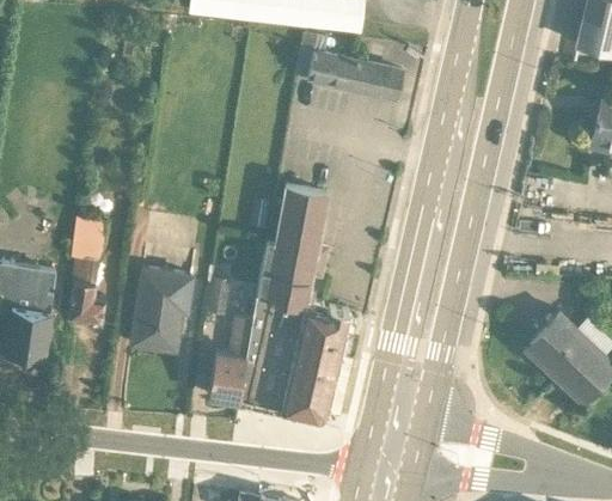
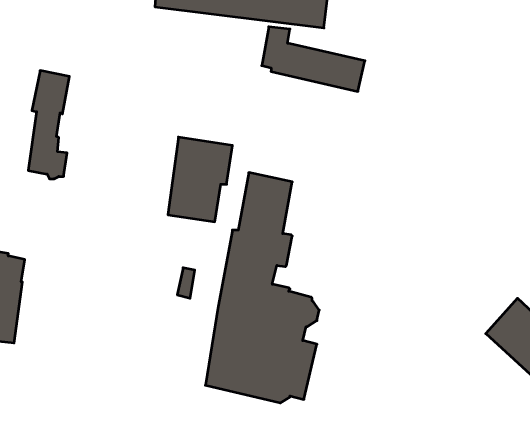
building: [67,216,109,326] -> [28,71,69,179]
building: [129,267,195,353] -> [168,137,232,222]
building: [208,317,253,403] -> none

